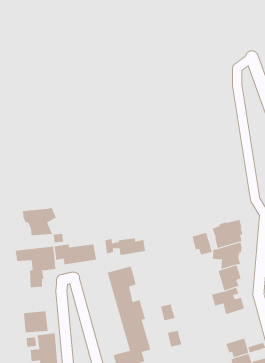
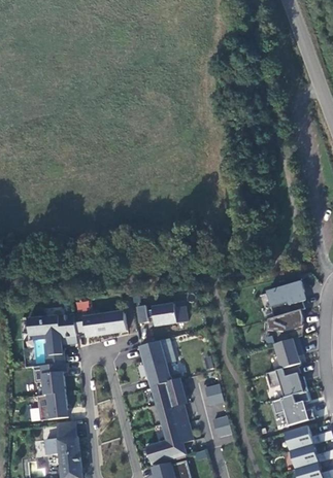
building: [22,207,56,236] -> none
building: [192,232,213,255] -> none
building: none -> [33,364,65,395]
building: none -> [271,390,314,425]

